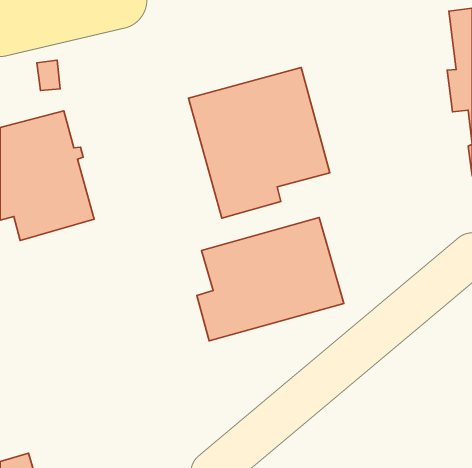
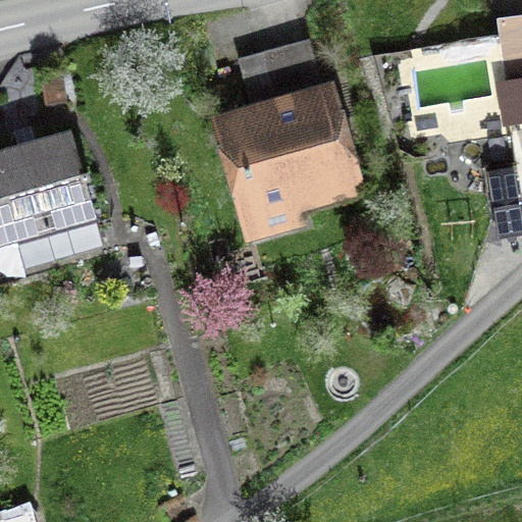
building: [197,218,344,341] -> none

